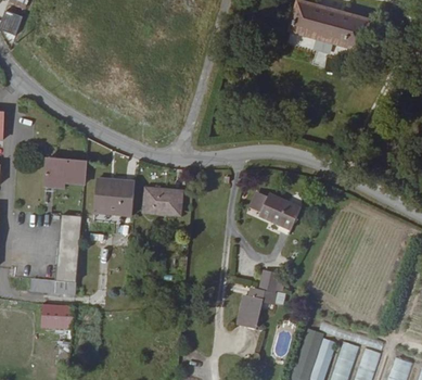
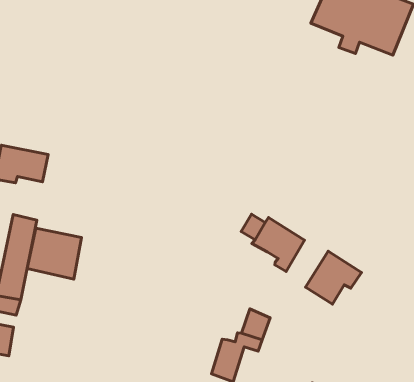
building: [93,177,135,215] -> [27,228,81,279]
building: [145,189,182,214] -> none
building: none -> [305,251,362,304]

